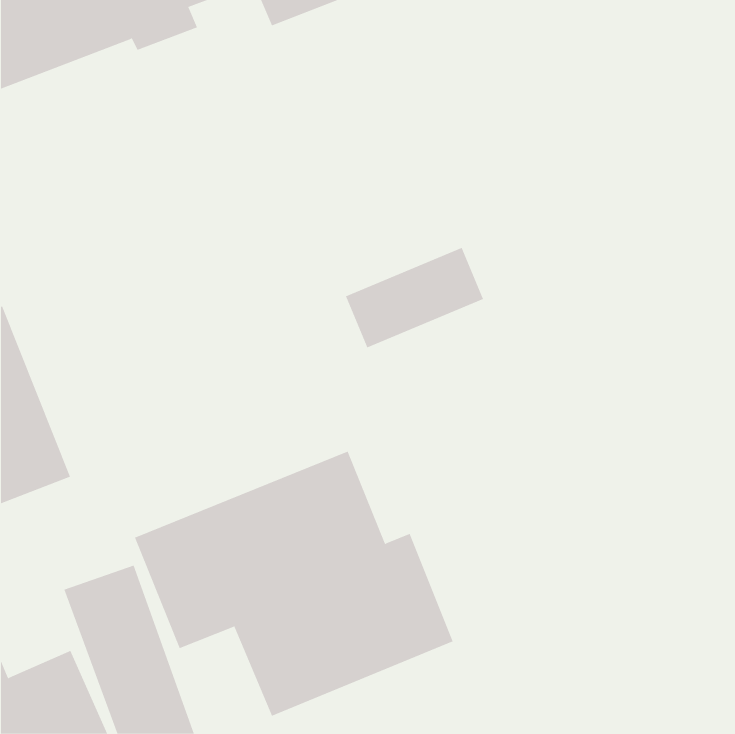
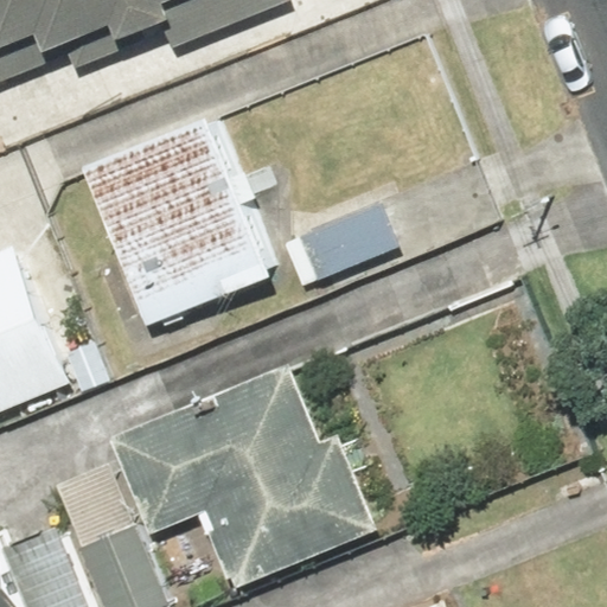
building: none -> [83,115,283,328]

